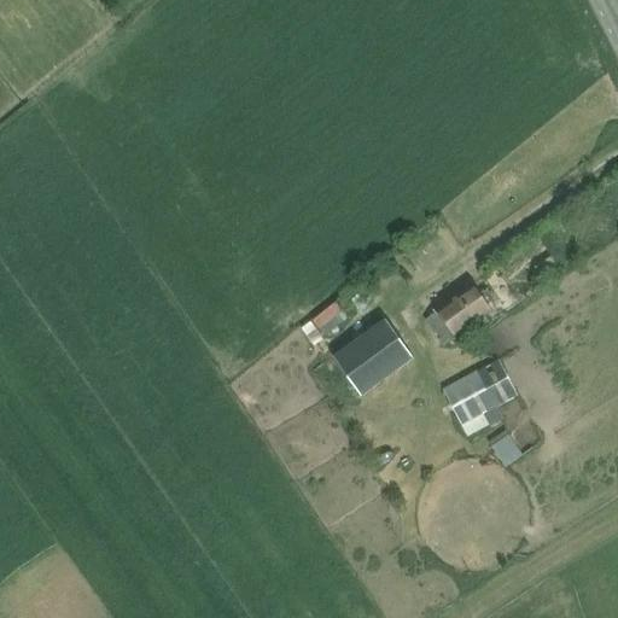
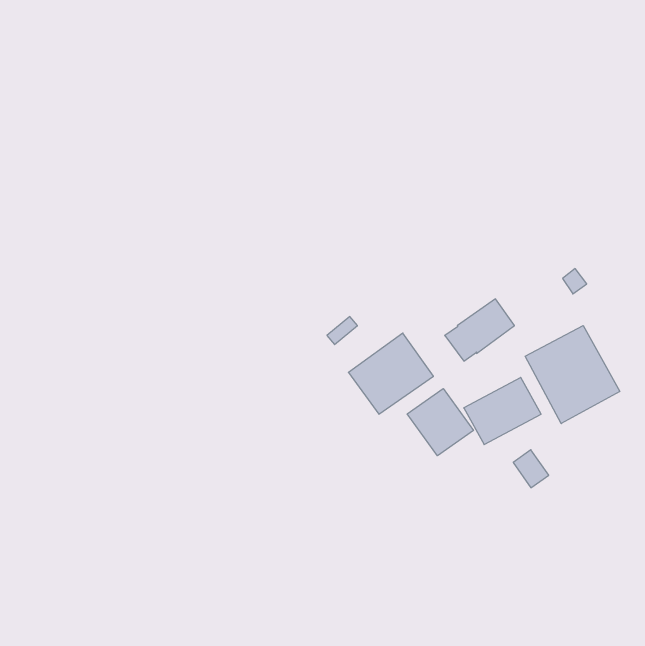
building: none -> [525,326,620,424]
building: none -> [407,389,473,456]

